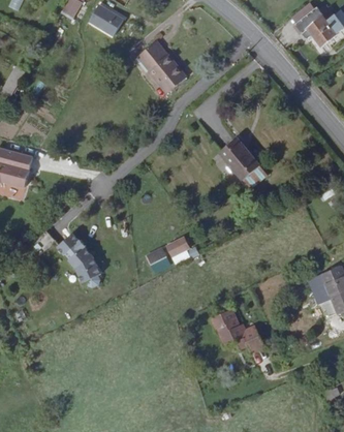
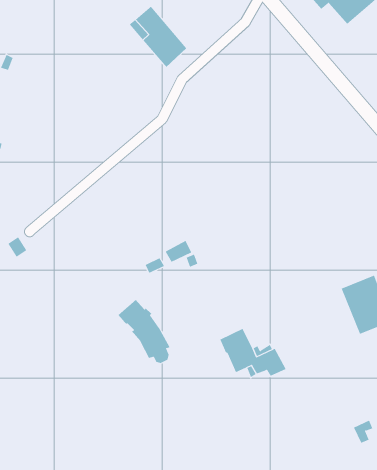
building: [218,136,268,189] -> none
building: [58,230,102,284] -> [117,299,171,364]

